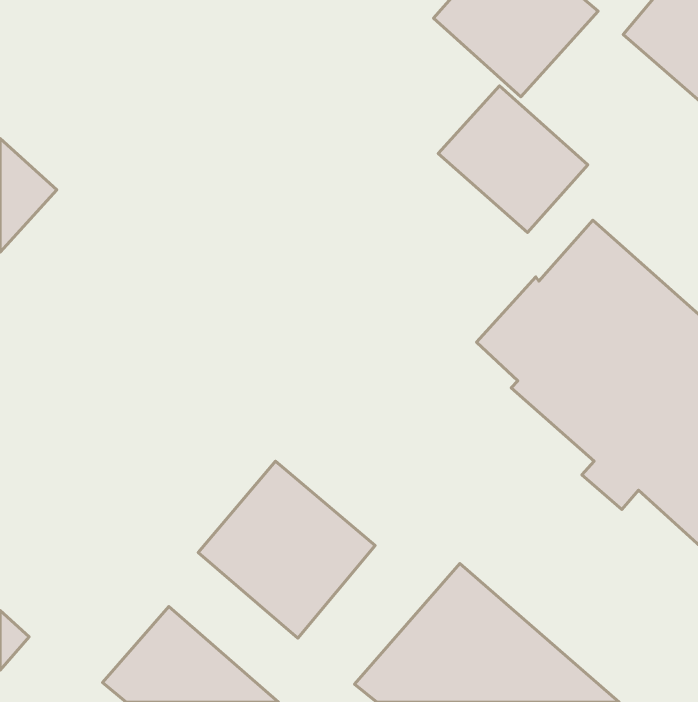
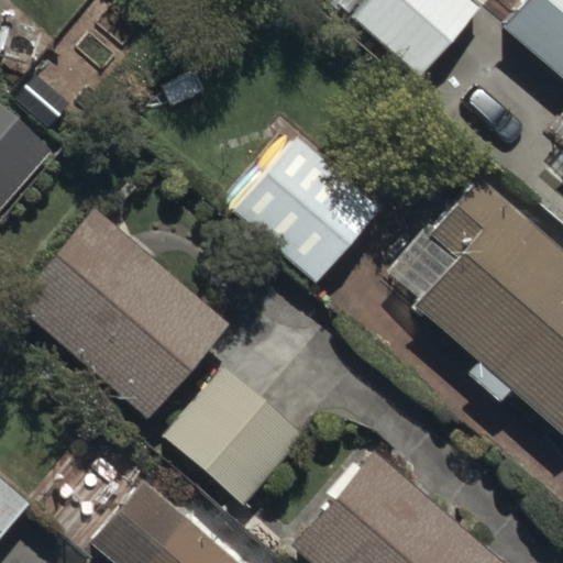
building: [438,86,588,232] -> none
building: none -> [235,134,385,284]
building: none -> [13,209,228,419]

